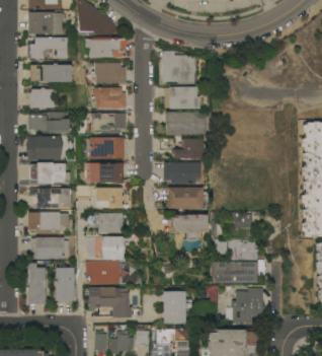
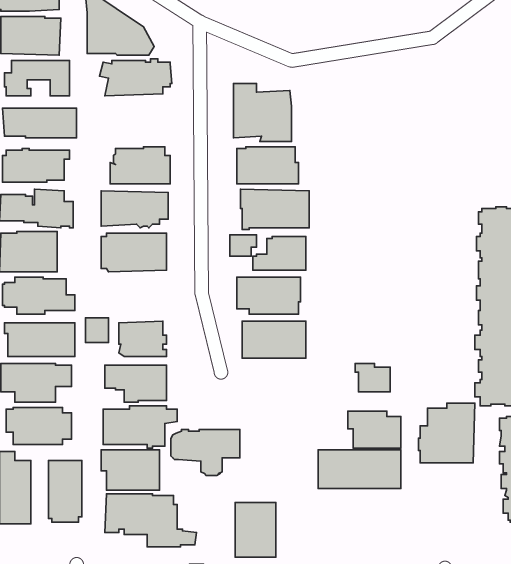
building: [91,63,126,83] -> none
building: [84,163,124,184] -> none
building: [168,215,208,241] -> [171,430,240,475]
building: [231,288,263,323] -> [419,403,475,463]

